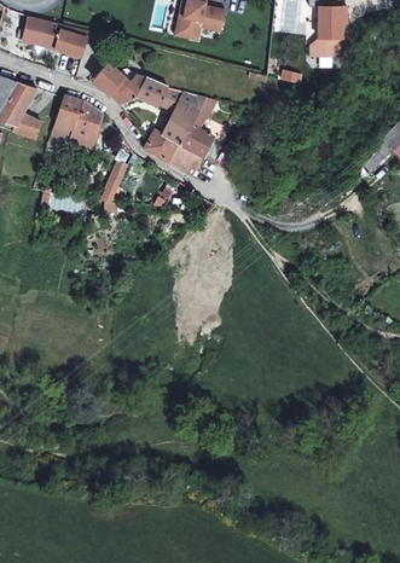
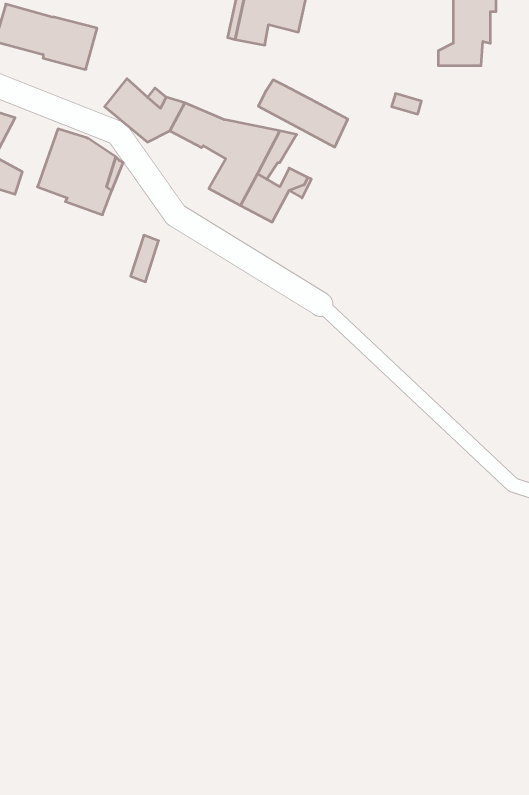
building: [144,130,202,174] -> [258,80,348,147]

